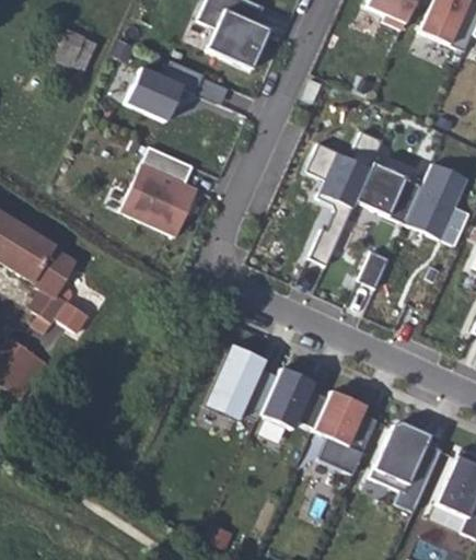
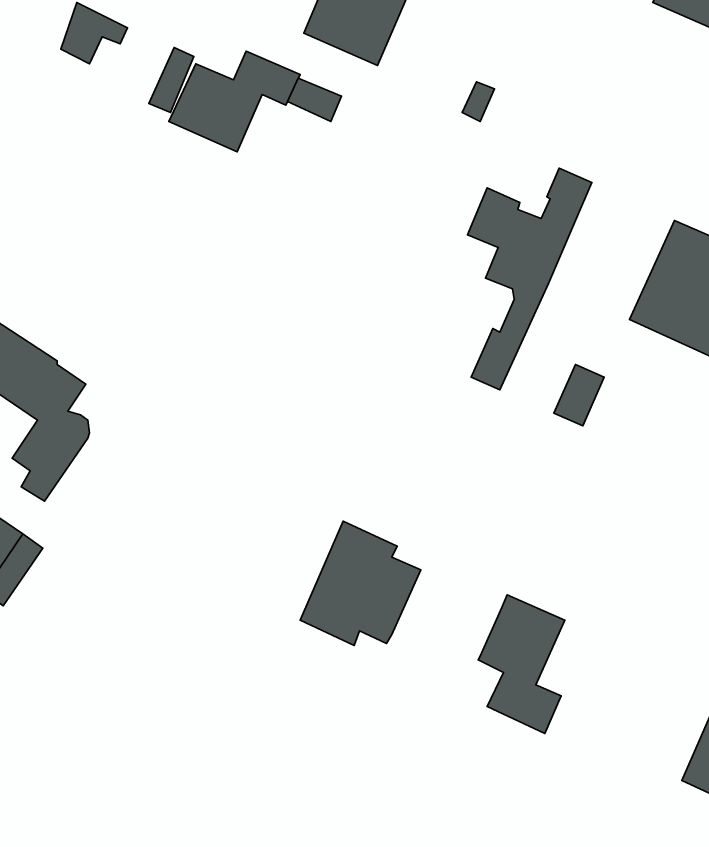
building: [120,145,198,236] -> none
building: [356,163,422,223] -> none
building: [260,368,327,430] -> none
building: [372,419,442,506] -> none

